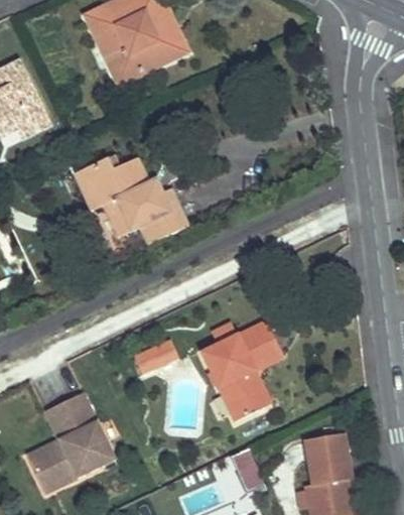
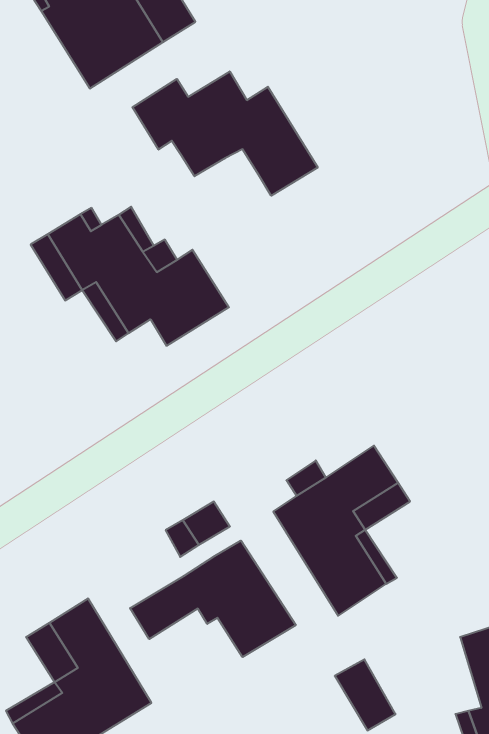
building: none -> [132,71,318,196]
building: none -> [130,541,296,657]

